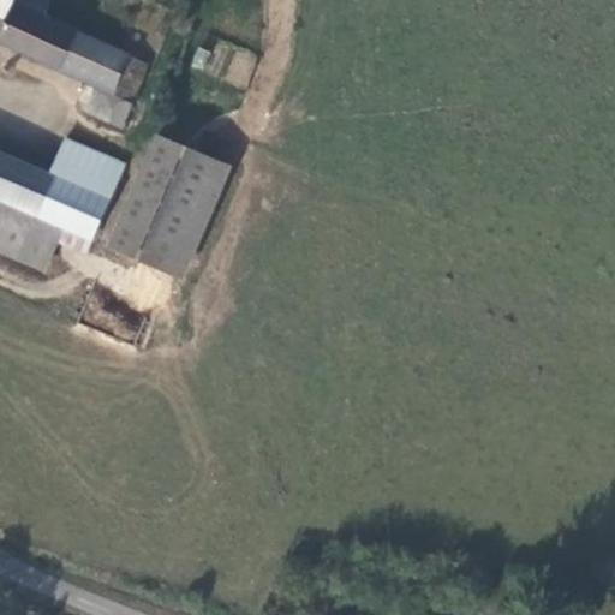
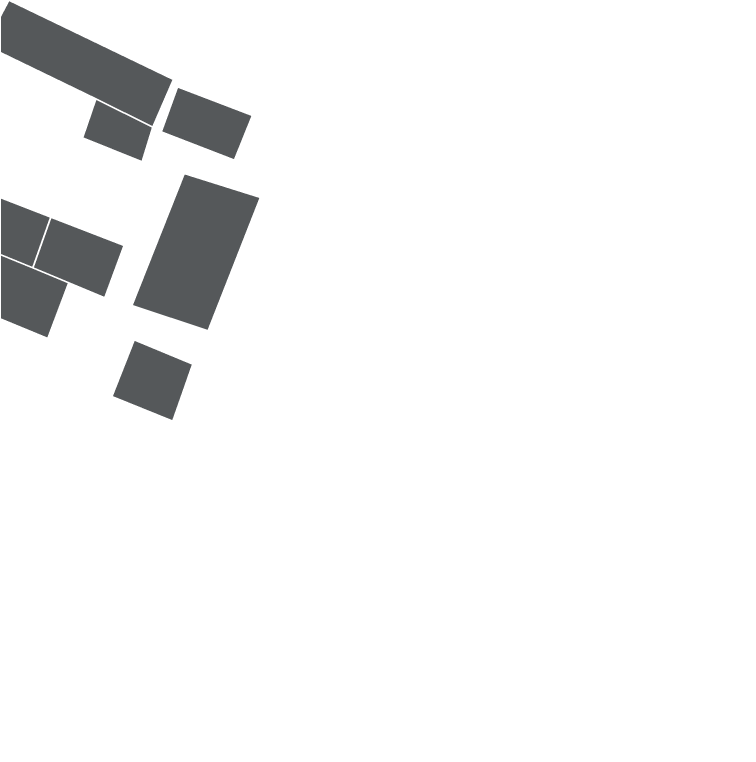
building: [48,138,121,197] -> [161,87,252,160]
building: none -> [112,340,193,421]

